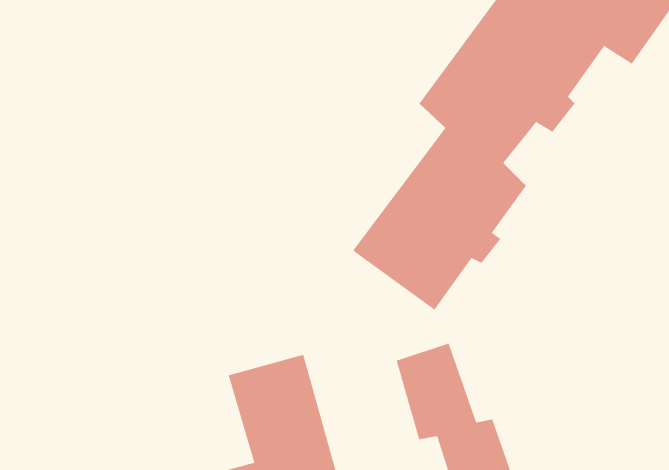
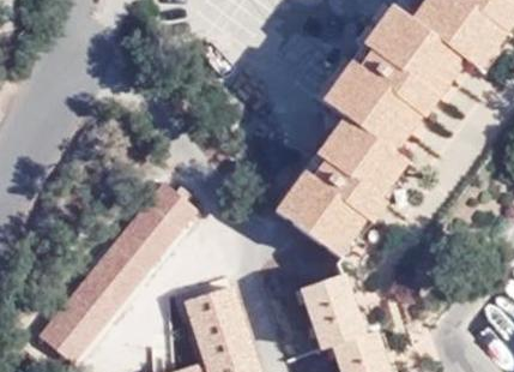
building: none -> [41,182,199,365]

